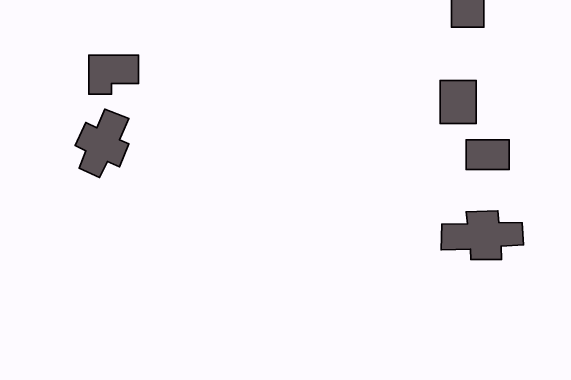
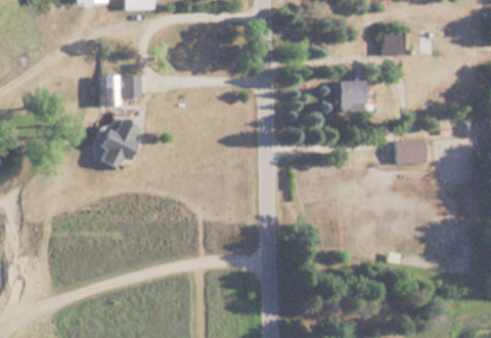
building: [440,80,476,123] -> [339,80,366,113]
building: [441,211,523,259] -> none

